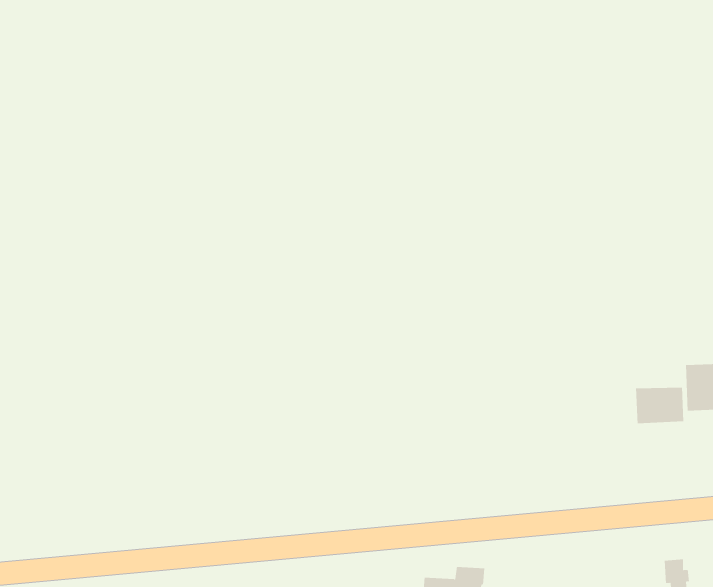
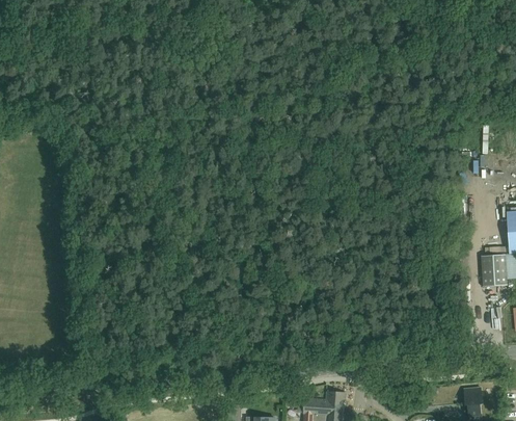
building: [636,387,684,424] -> none

